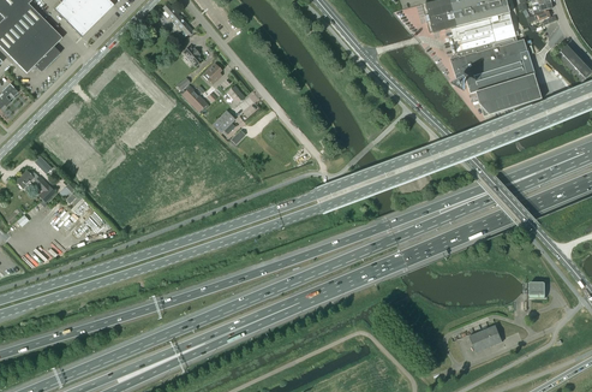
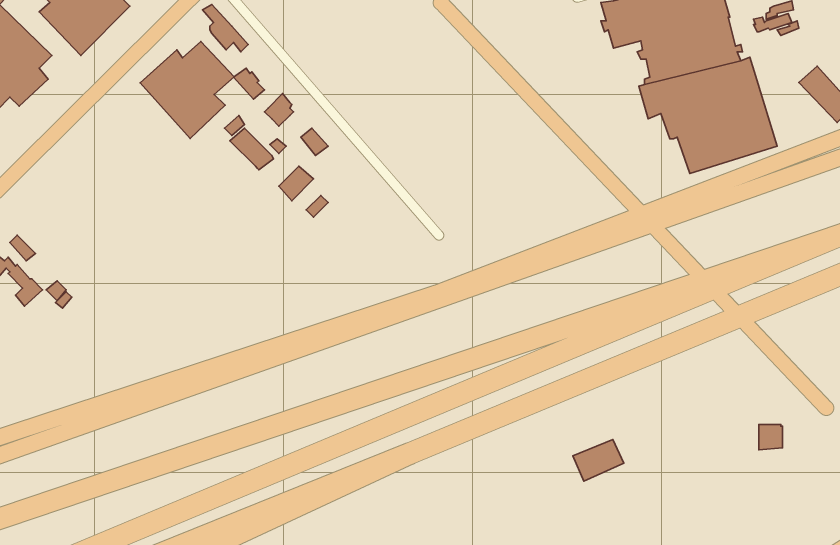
building: none -> [140,41,234,138]
building: [467,325,501,352] -> [573,439,624,481]

